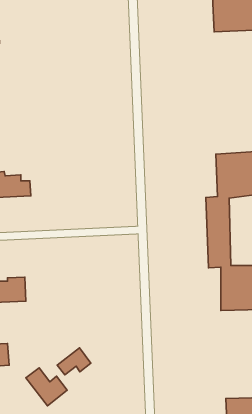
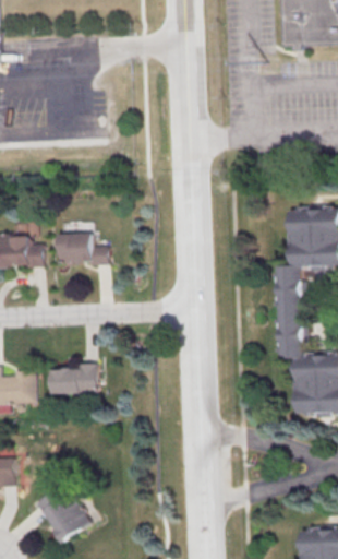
building: none -> [58,230,107,261]
building: none -> [49,361,97,391]
building: [57,348,91,375] -> none

